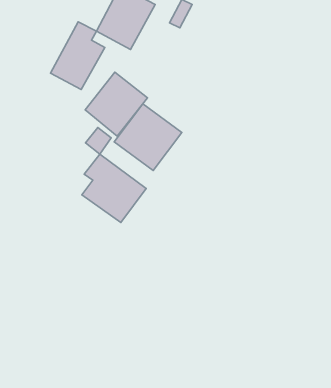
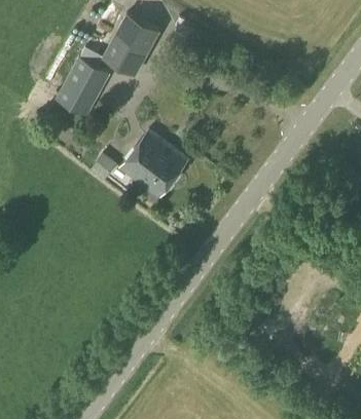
building: [85,72,148,136] -> none
building: [82,154,146,222] -> none

